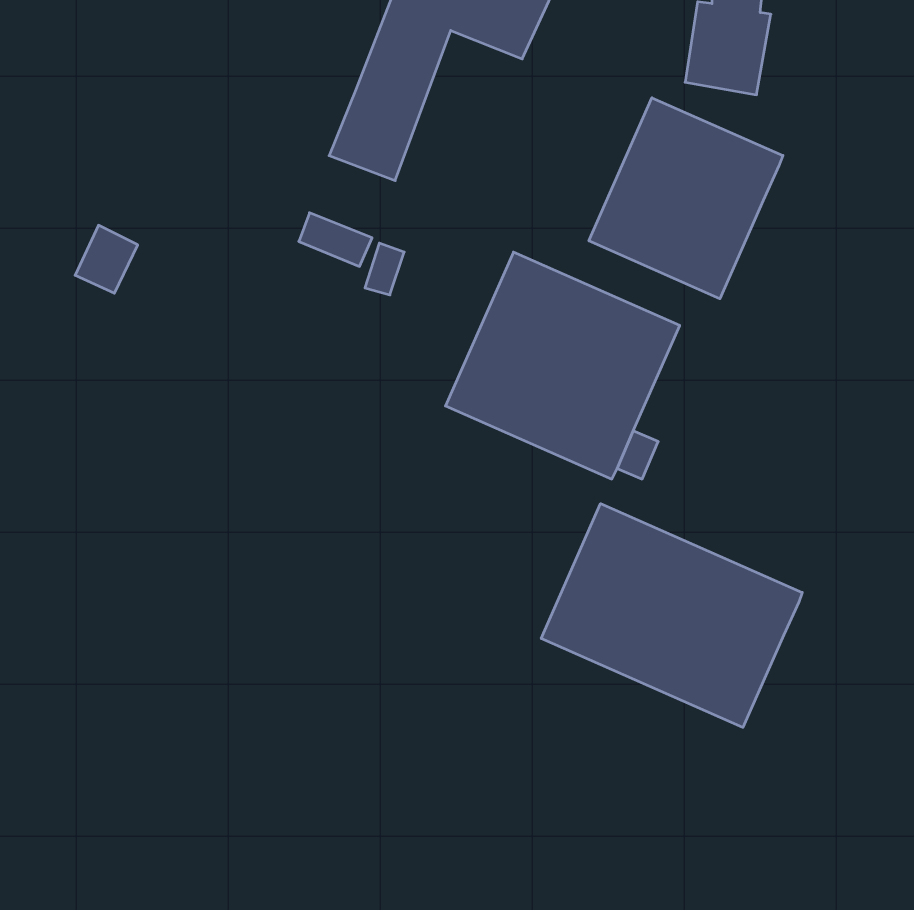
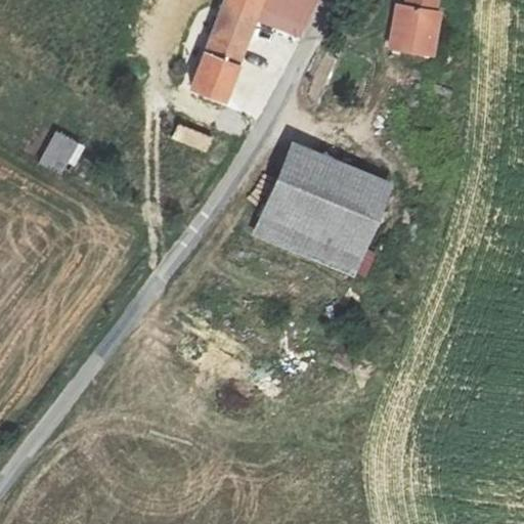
building: [589,98,783,299] -> none
building: [541,504,802,727] -> none

